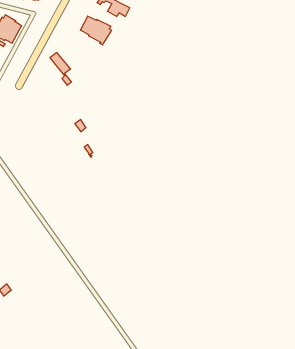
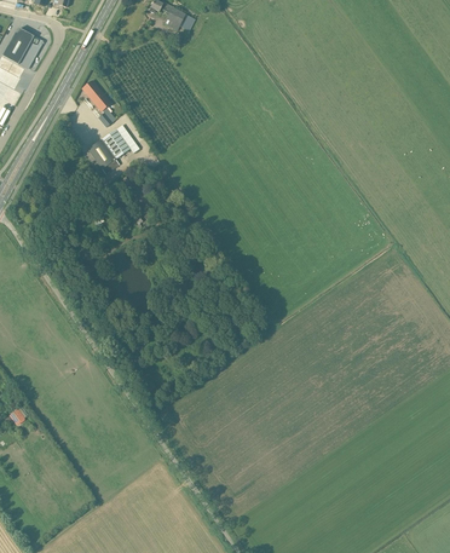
building: [80,16,111,45] -> none
building: none -> [86,128,129,174]

